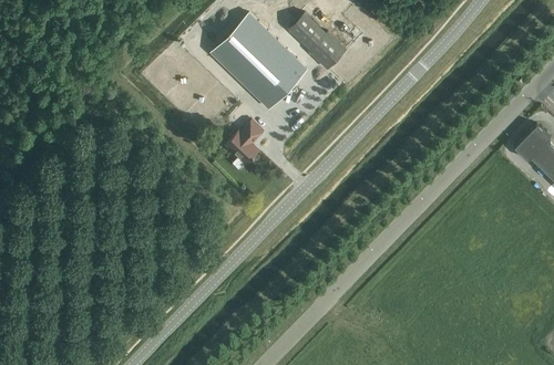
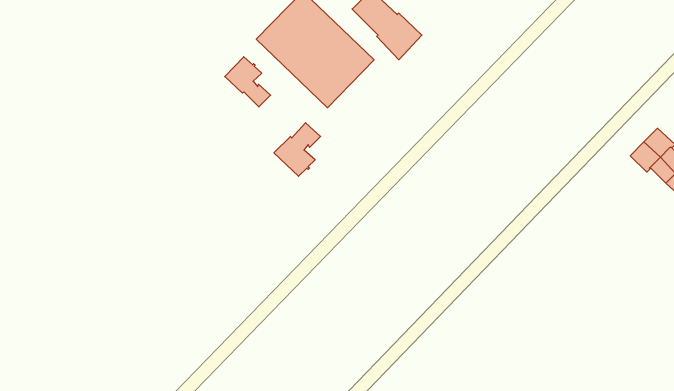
building: none -> [225,57,271,107]

